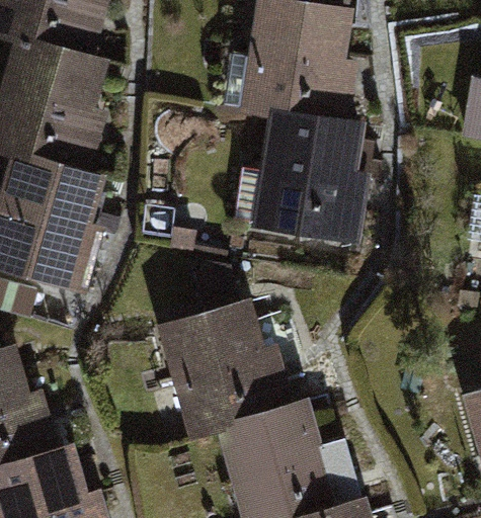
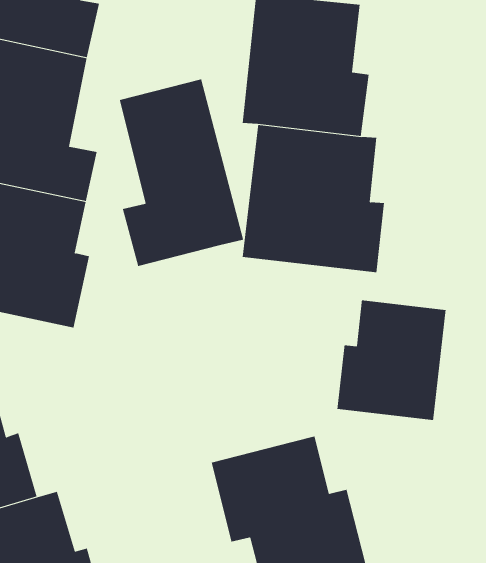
building: none -> [119,79,244,267]
building: [154,262,289,427] -> none
building: none -> [337,300,446,421]

